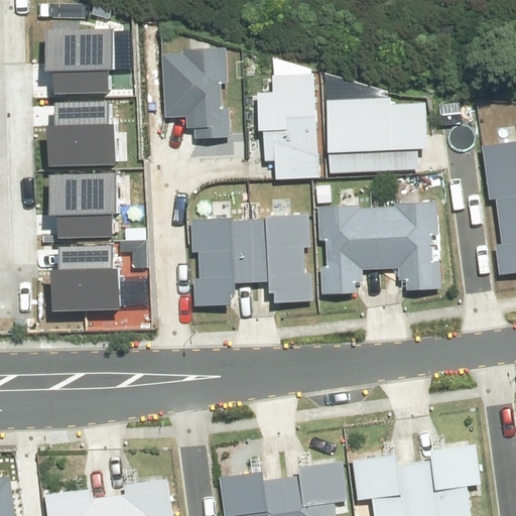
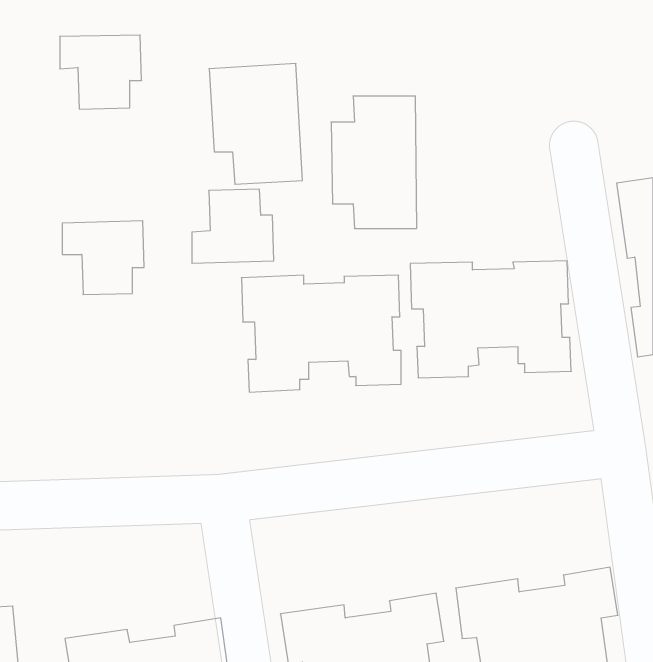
building: [48,99,112,156] -> [192,189,274,263]
building: [335,102,415,169] -> none
building: [53,245,117,302] -> none

